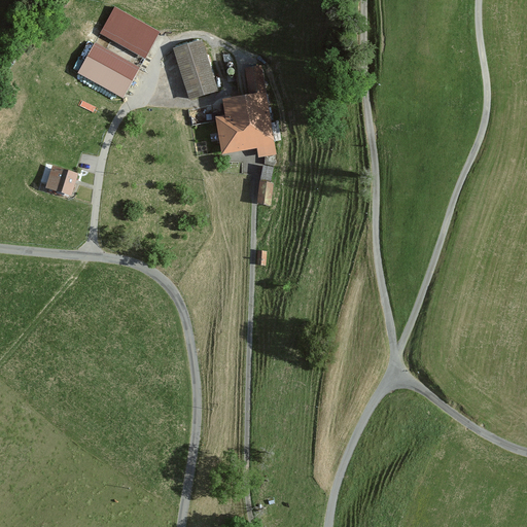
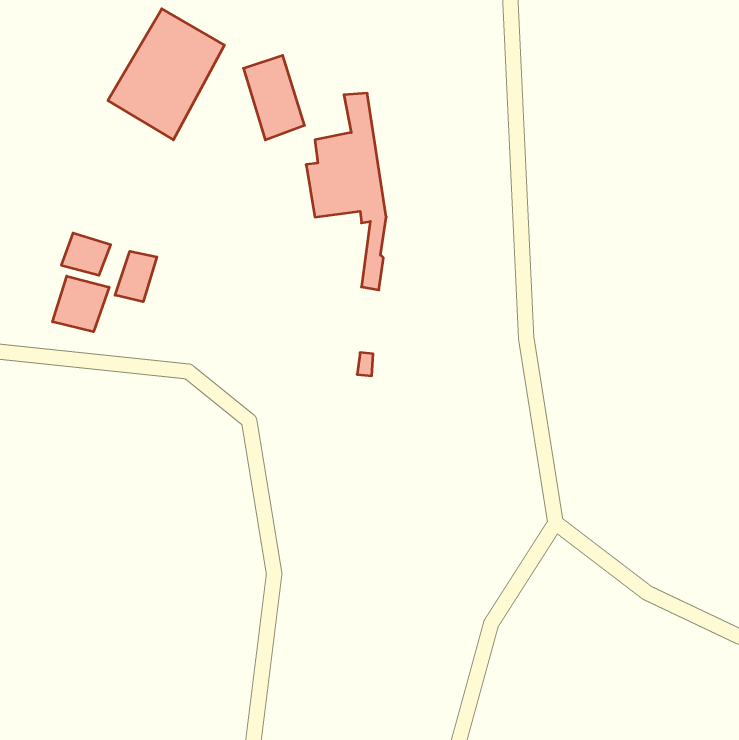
building: none -> [115,251,157,302]
building: none -> [53,276,109,332]

